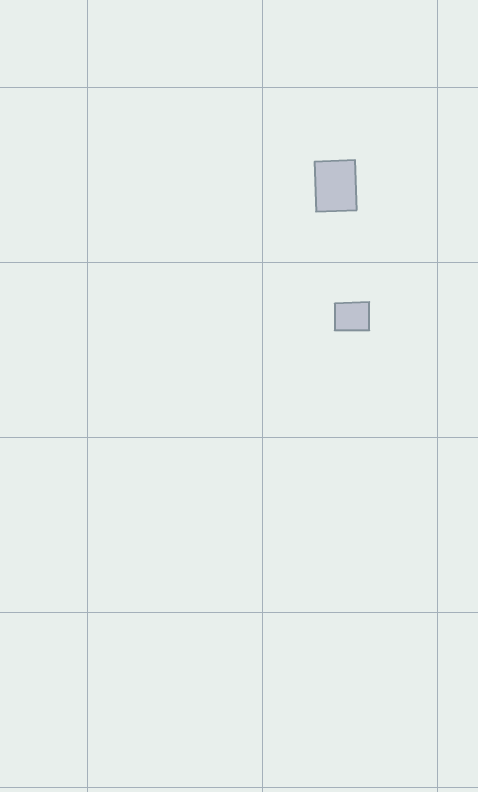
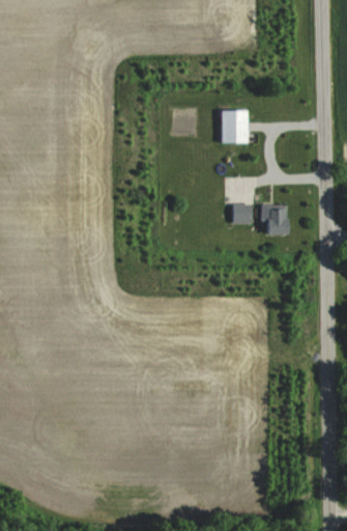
building: none -> [261,203,292,234]

